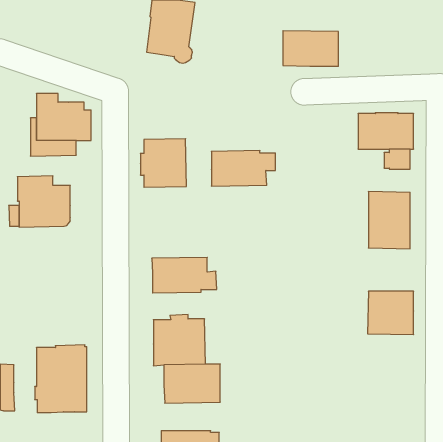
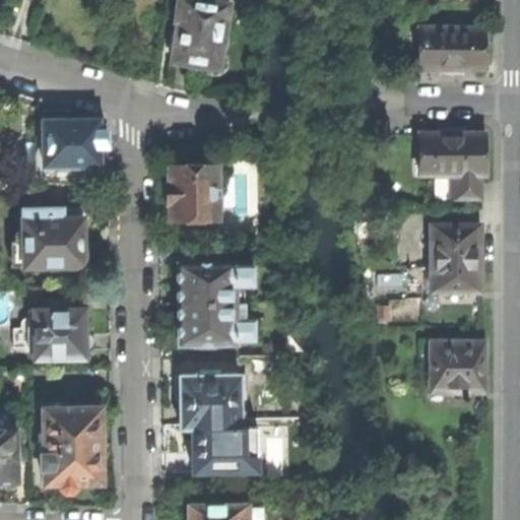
building: [283,31,338,66] -> [419,28,484,70]
building: [211,151,275,186] -> [178,262,253,304]
building: none -> [28,300,93,358]

